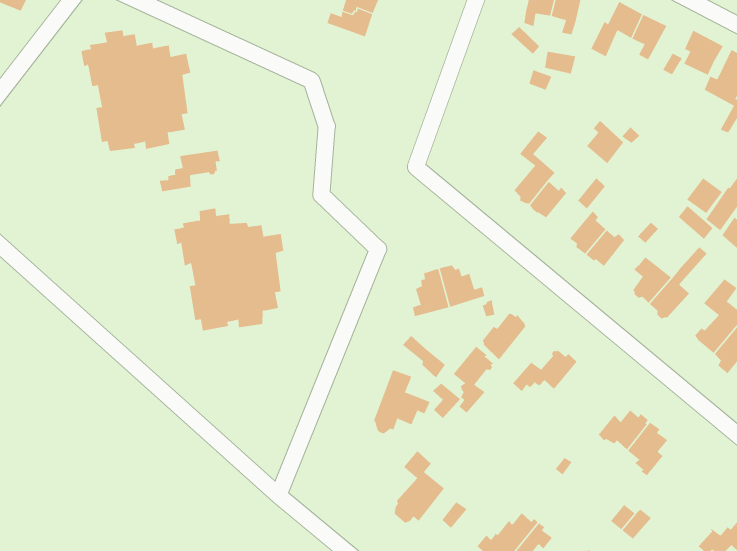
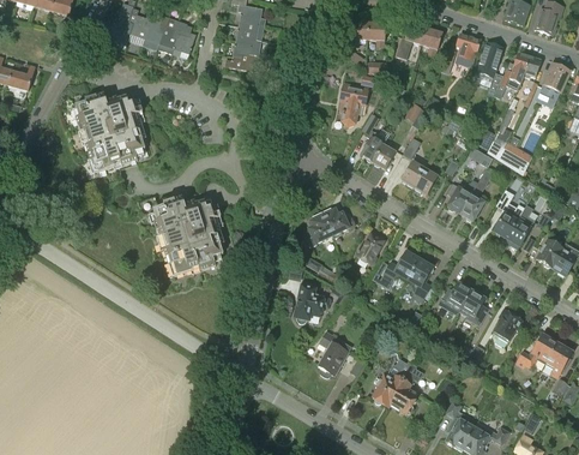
building: none -> [339,84,368,125]
building: [159,150,220,192] -> none
building: [453,346,494,414] -> [408,257,433,301]
building: none -> [493,310,524,342]

